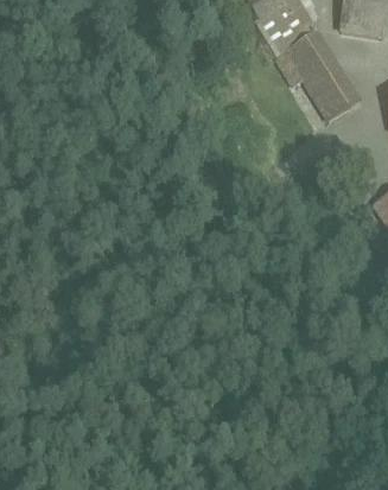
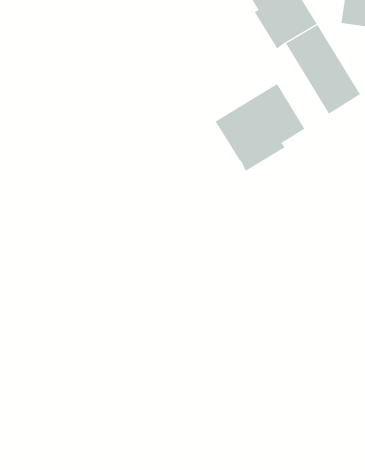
building: none -> [215,83,305,172]

